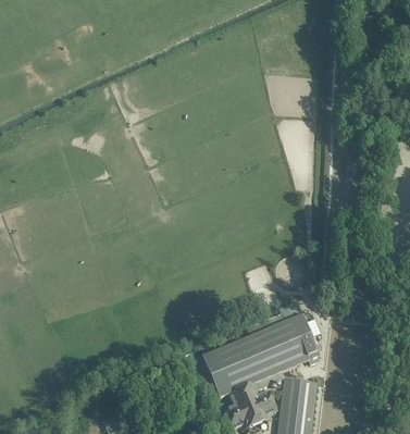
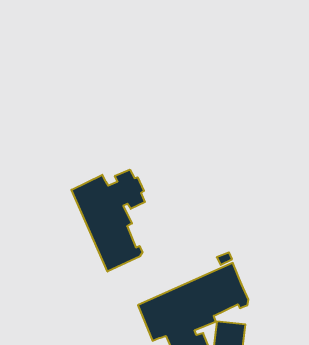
building: none -> [71,170,145,272]

